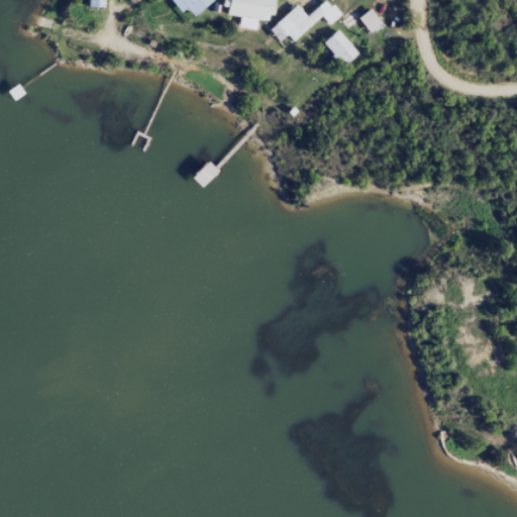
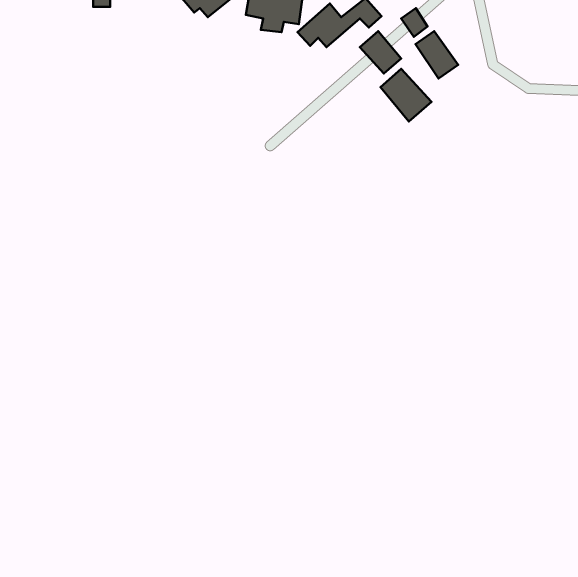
building: none -> [416,31,458,78]
building: none -> [380,69,431,121]

